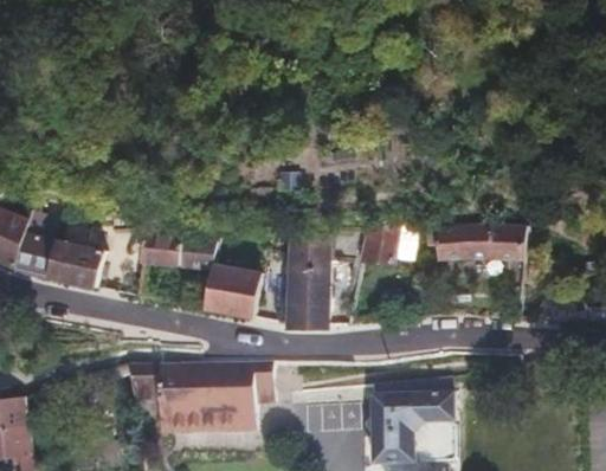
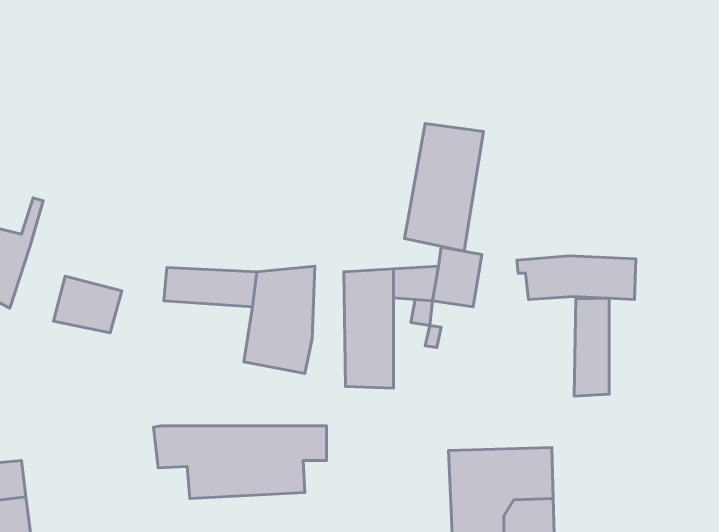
building: none -> [405,123,484,251]
building: [14,220,59,282] -> none
building: none -> [574,298,609,396]

